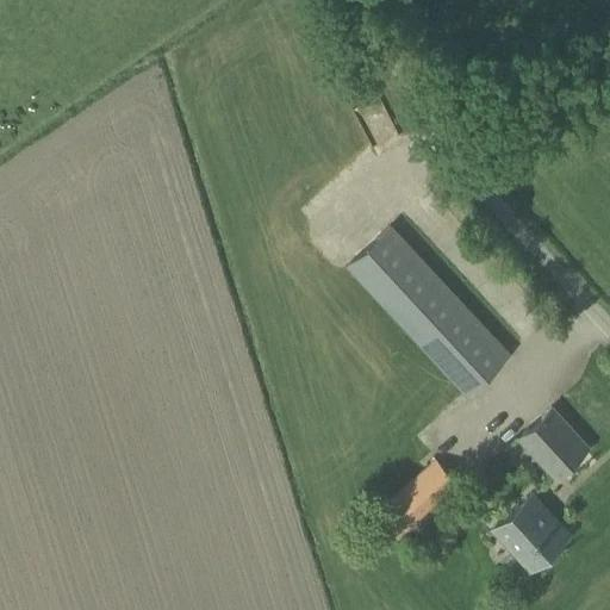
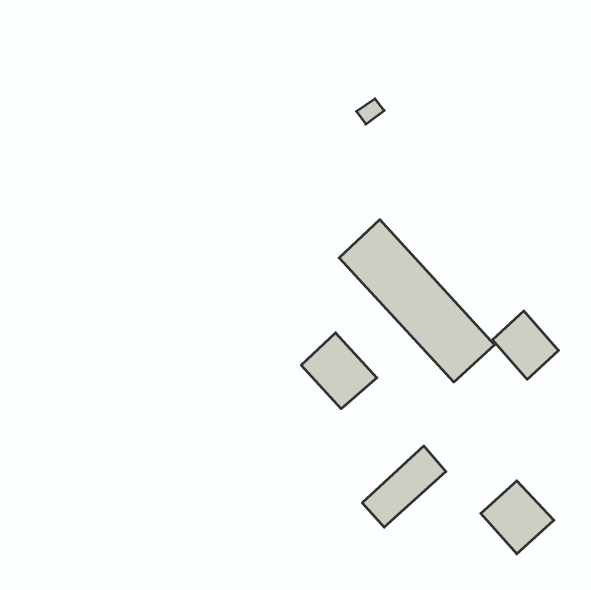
building: none -> [301,333,377,409]
building: [521,410,589,480] -> [492,311,559,379]

